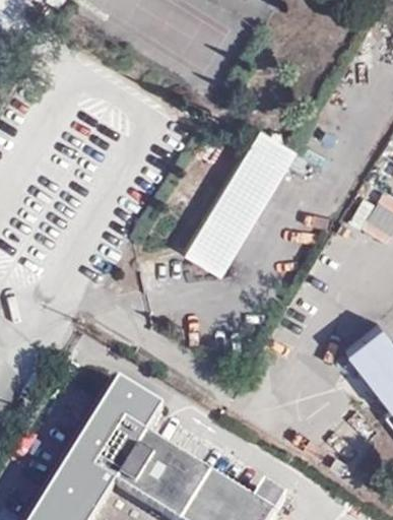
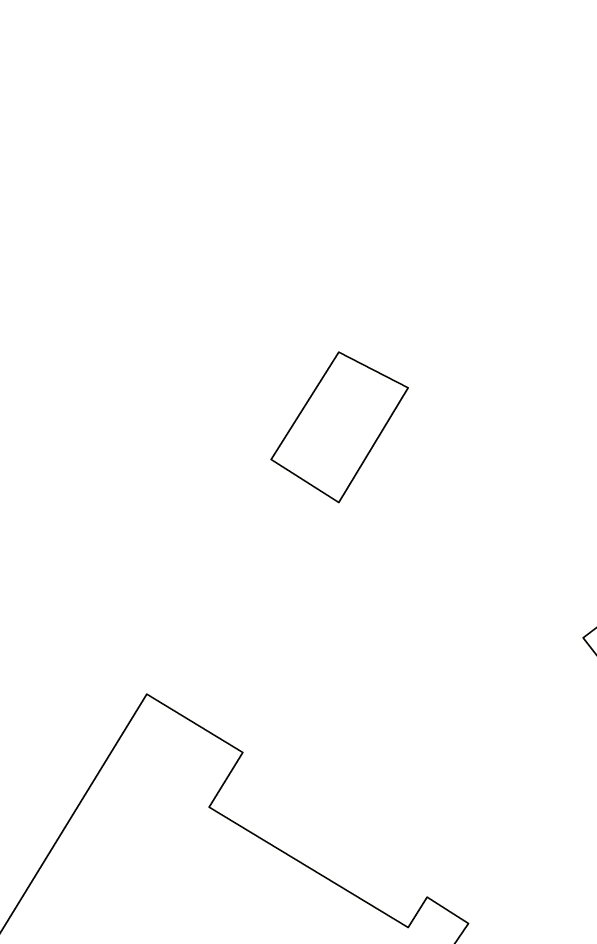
building: [219,128,294,213] -> none

